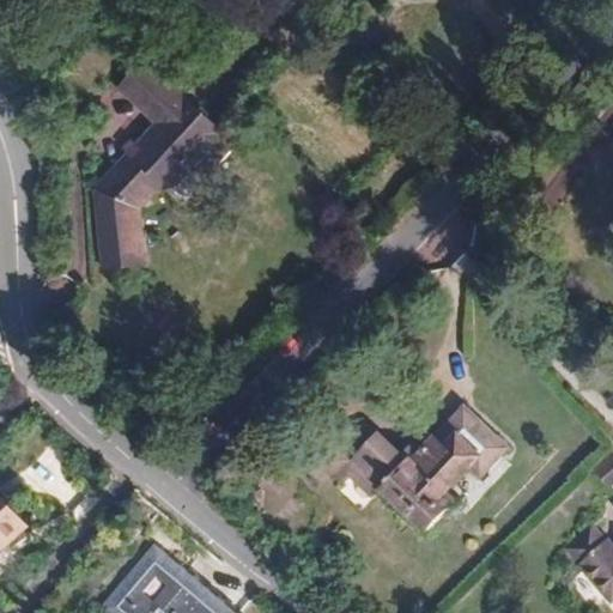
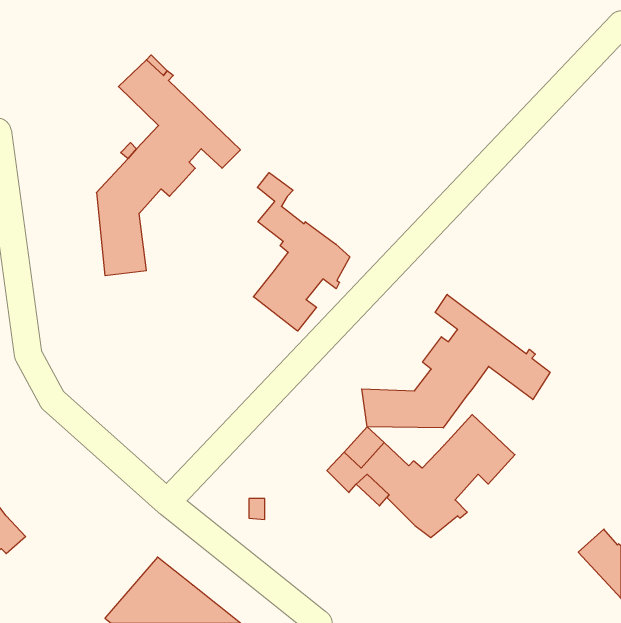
building: none -> [253,173,350,331]
building: none -> [362,294,550,428]

